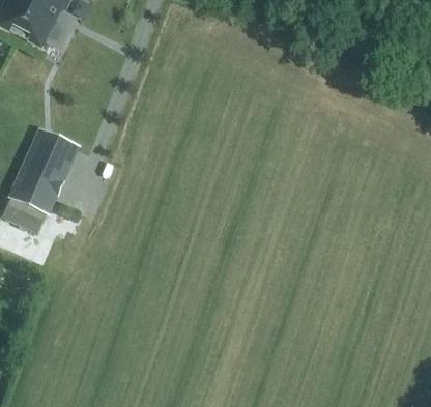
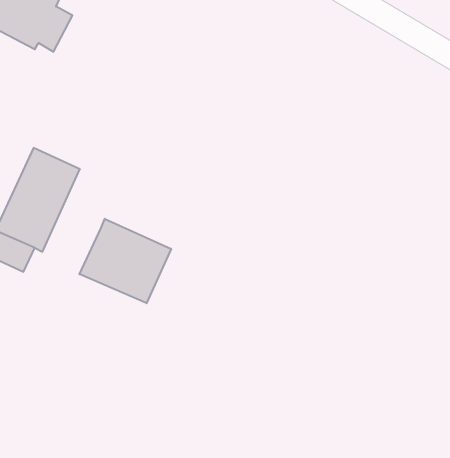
building: none -> [79,219,171,303]

